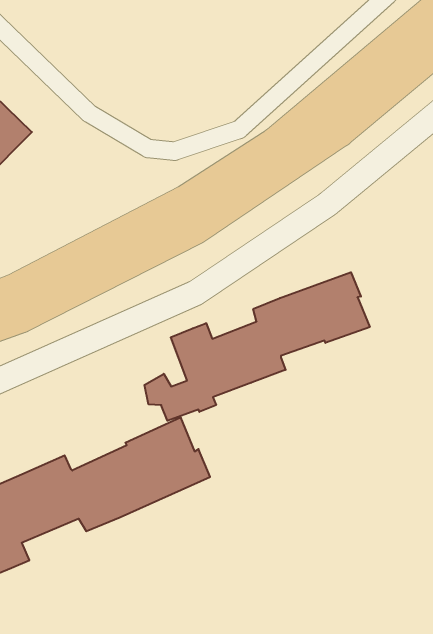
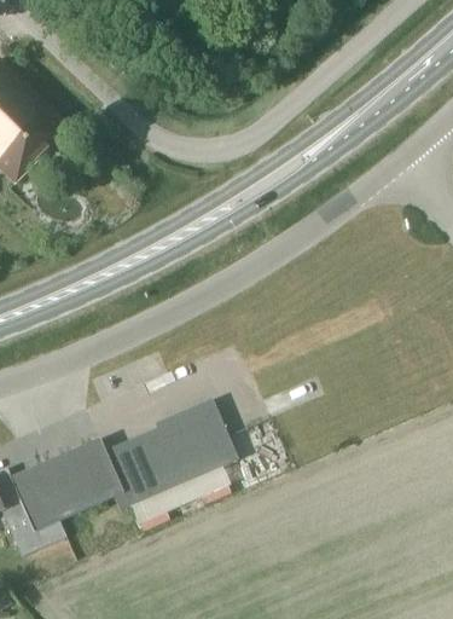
building: [144,272,370,421] -> none

